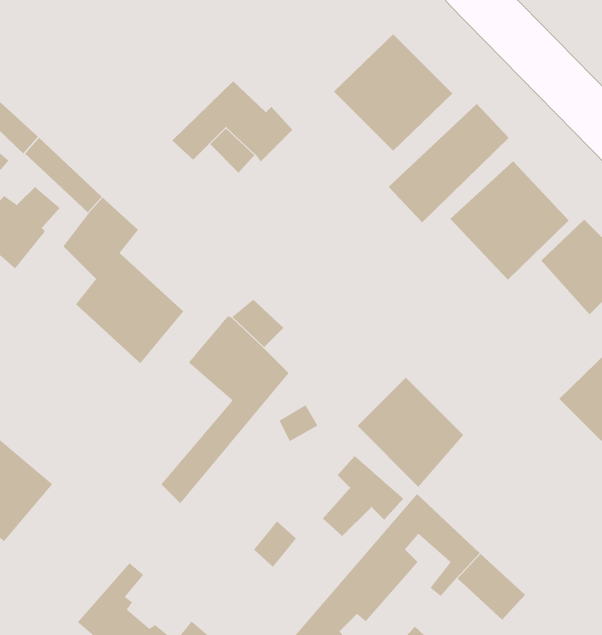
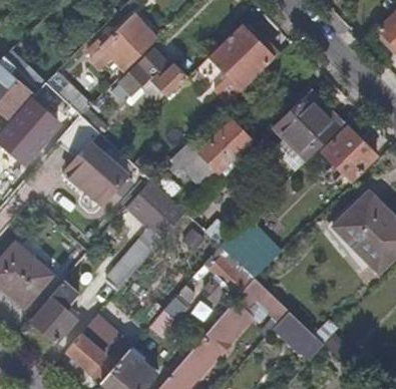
building: none -> [90,17,155,72]
building: [388,103,509,223] -> [184,121,252,187]
building: none -> [30,279,80,342]

